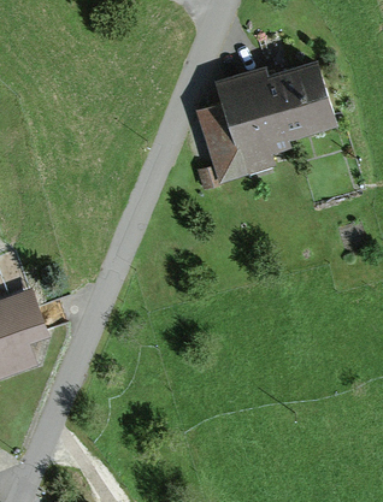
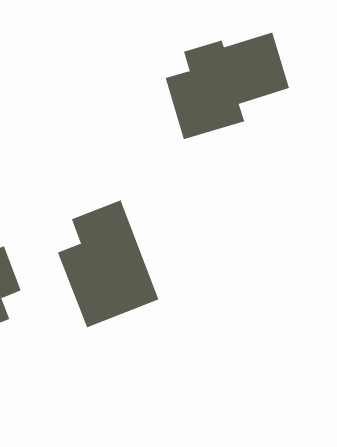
building: none -> [57,199,159,328]

